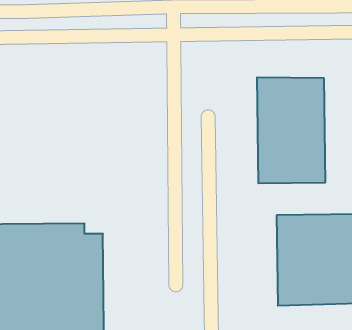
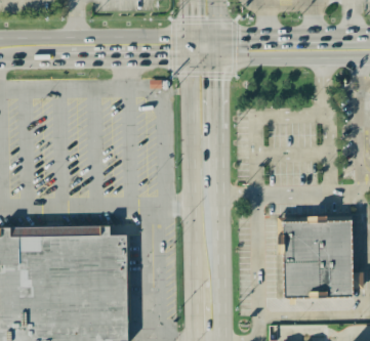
building: [257,77,325,183] -> none

